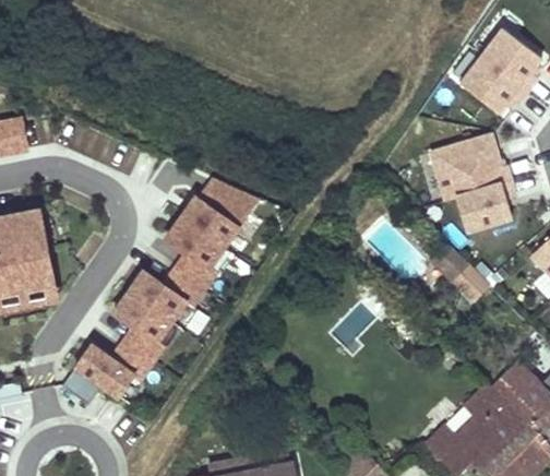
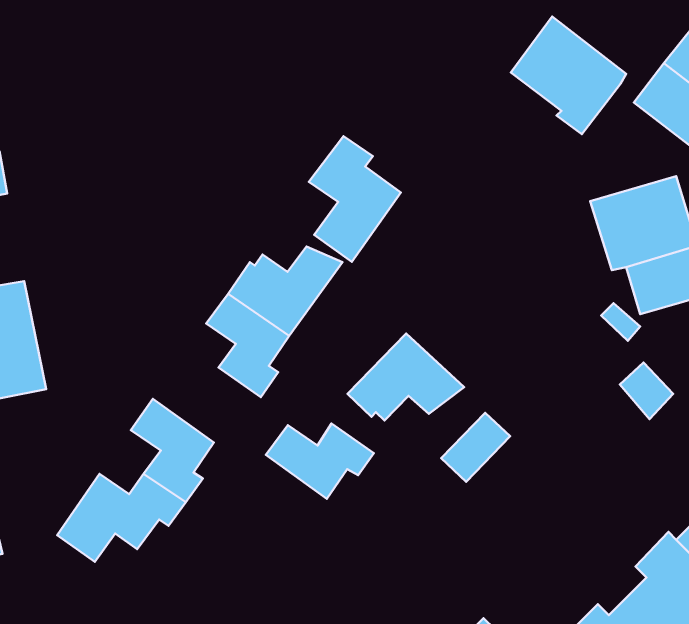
building: none -> [511,17,626,134]
building: none -> [309,136,401,262]
building: none -> [348,333,464,420]
building: [128,270,203,322] -> [266,424,374,499]

